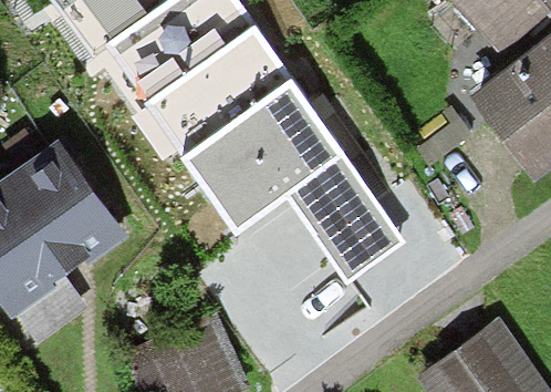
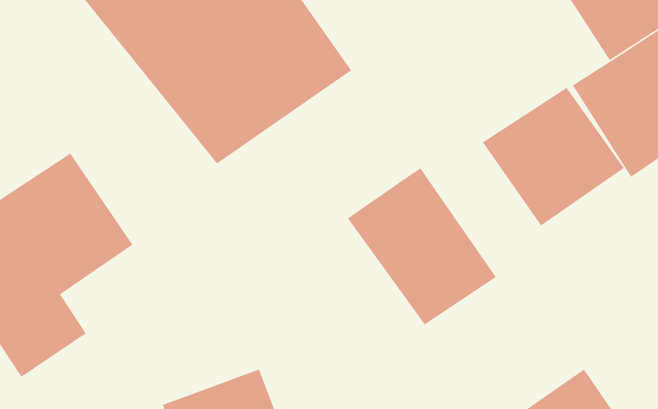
building: [181,79,350,236] -> none
building: none -> [482,87,625,226]

